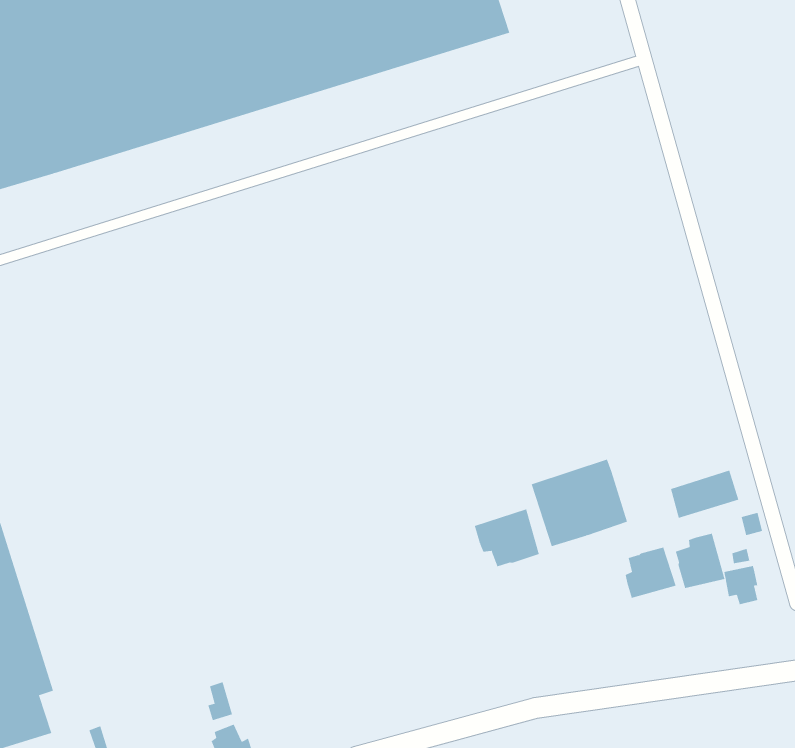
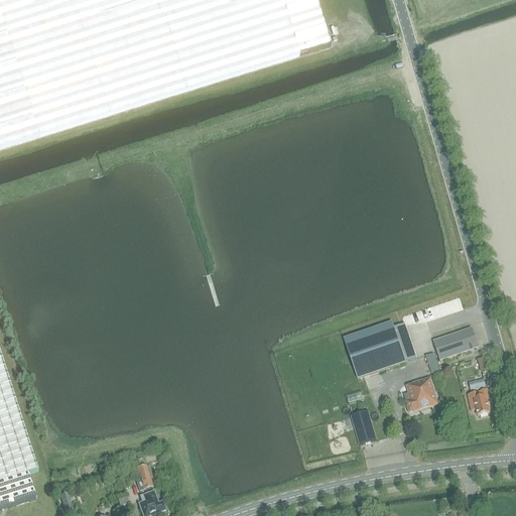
building: [474,508,539,567] -> none
building: [675,533,725,589] -> none
building: none -> [350,407,375,441]

